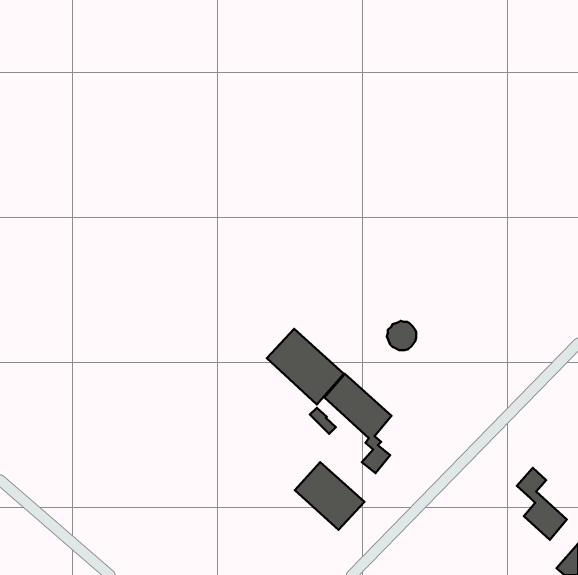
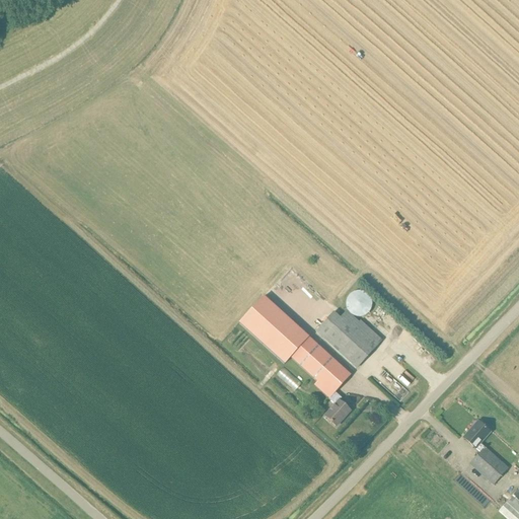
building: none -> [315,309,382,367]
building: [295,462,365,530] -> none

